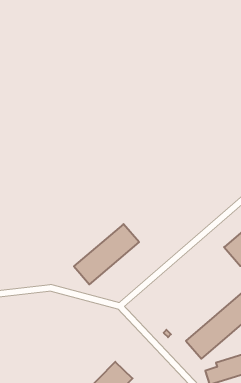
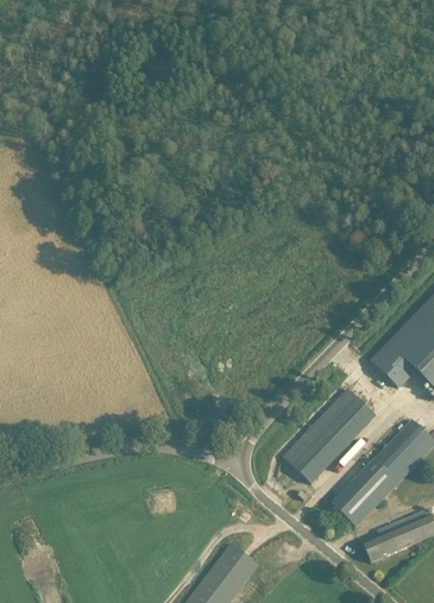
building: [74,224,139,284] -> [283,388,373,479]

